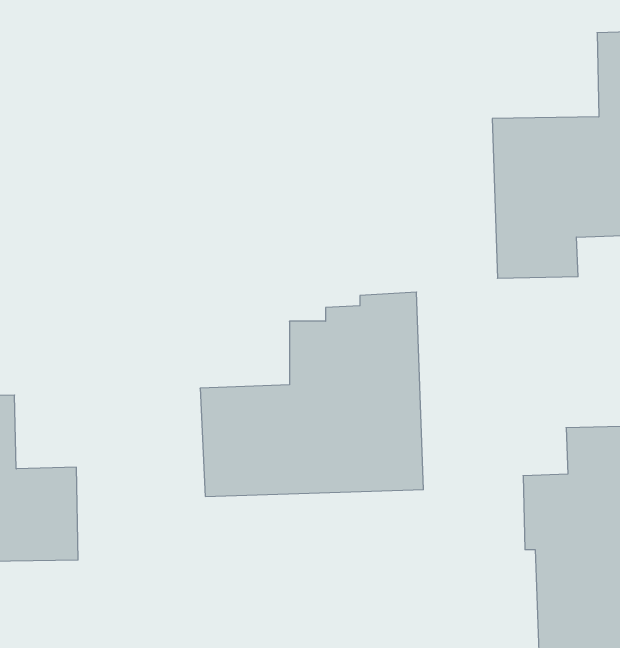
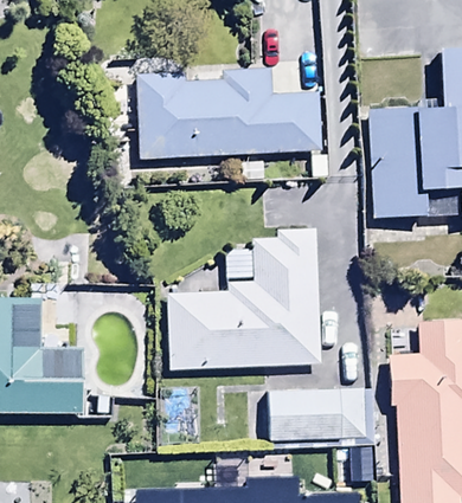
building: none -> [136,67,320,159]
building: none -> [269,388,366,438]

